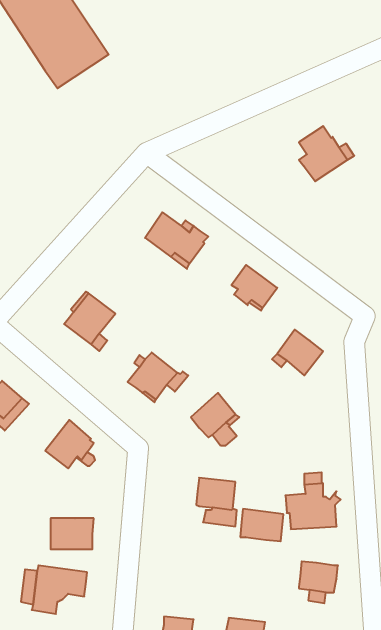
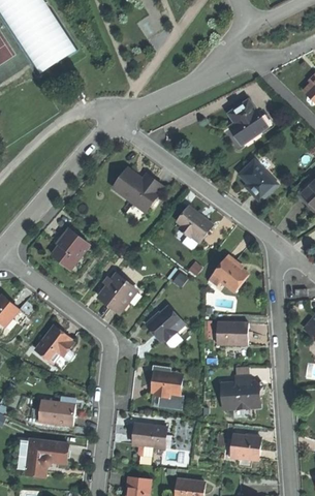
building: none -> [239,159,277,200]
building: none -> [216,322,248,345]
building: [240,509,283,541] -> [131,423,164,447]

